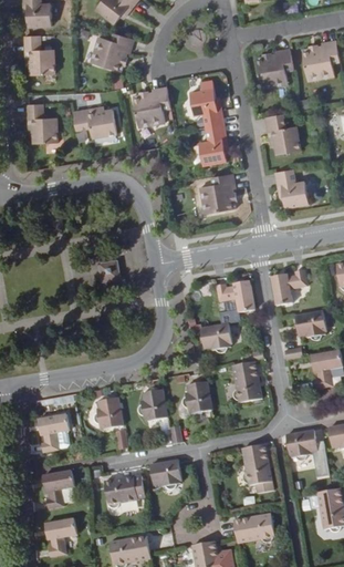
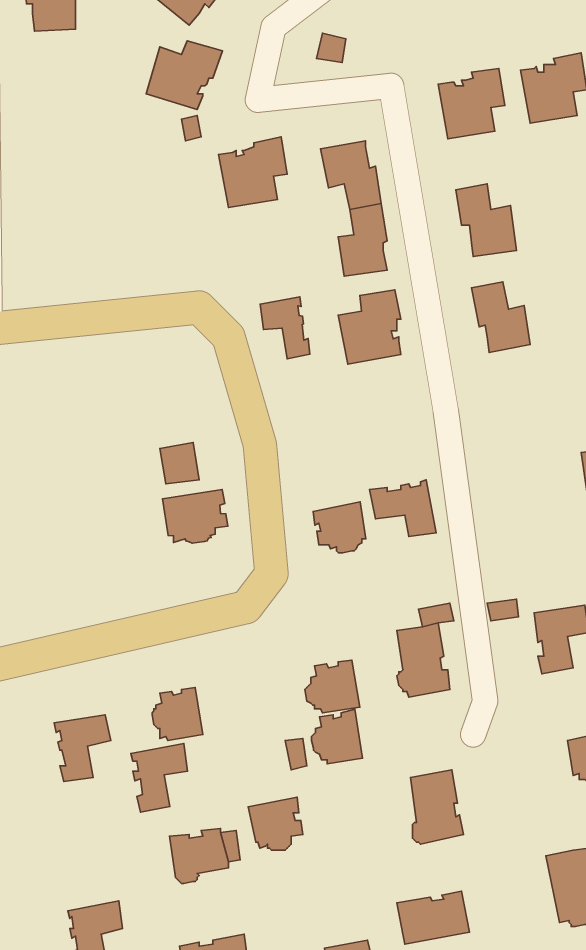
building: [25,34,54,75] -> none
building: [28,103,58,144] -> none
building: [74,109,116,137] -> none
building: none -> [260,297,310,359]
building: [271,270,307,306] -> none
building: none -> [162,490,228,543]
building: [298,311,327,340] -> none
building: [202,323,232,352] -> [313,502,366,553]
building: [139,389,168,420] -> [312,709,363,764]
building: [286,430,319,458] -> none
building: [44,470,76,508] -> [131,744,188,812]

